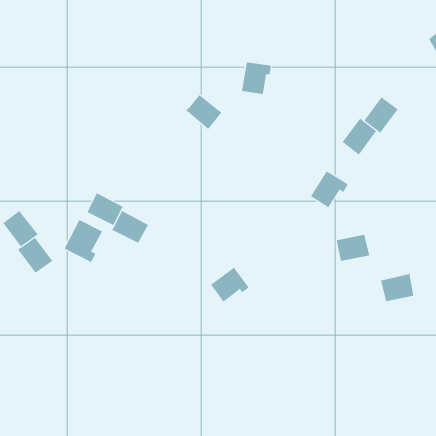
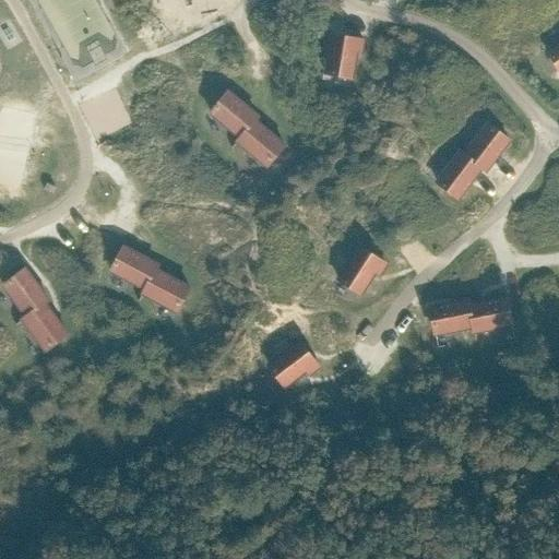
building: [241,62,272,94] -> [325,36,365,78]
building: none -> [212,92,259,139]
building: [310,171,349,208] -> [338,247,388,295]
building: [64,219,103,263] -> none
building: [380,274,414,302] -> [468,297,512,333]

